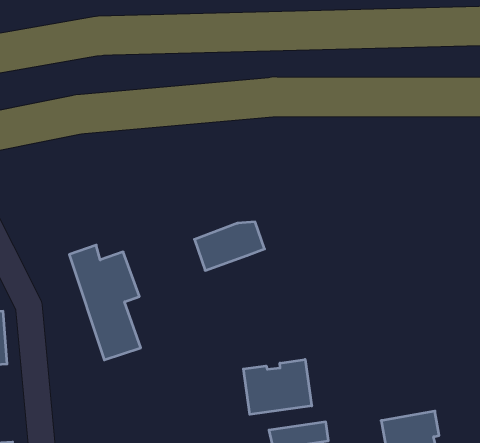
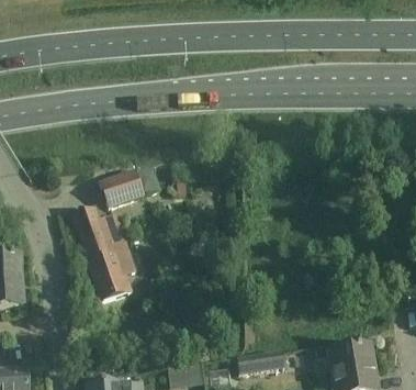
building: [194,222,265,270] -> [101,166,158,205]
building: [243,359,312,414] -> none

